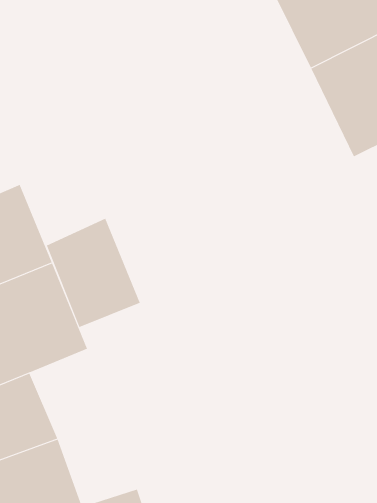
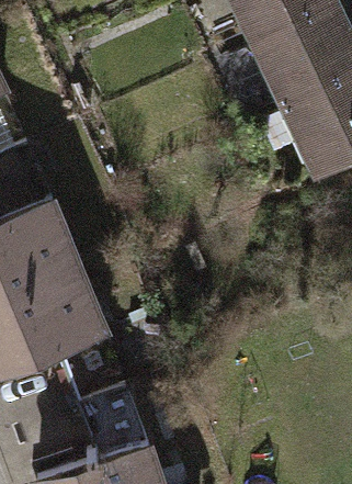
building: [46,218,140,328] -> none

